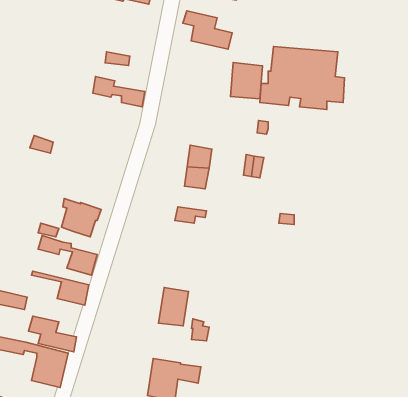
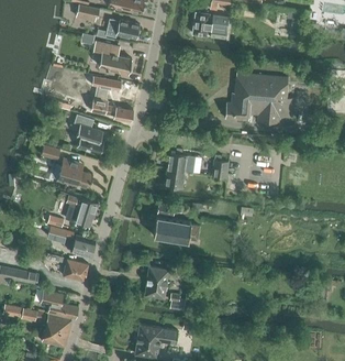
building: [183,11,232,49] -> [92,42,132,73]
building: [230,62,263,99] -> none
building: none -> [74,114,103,154]
building: none -> [53,158,92,187]
building: none -> [153,217,199,242]

